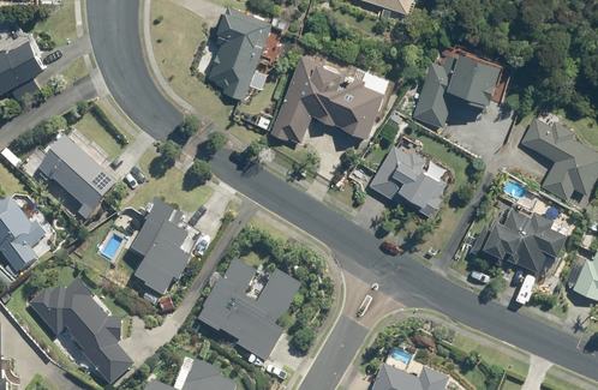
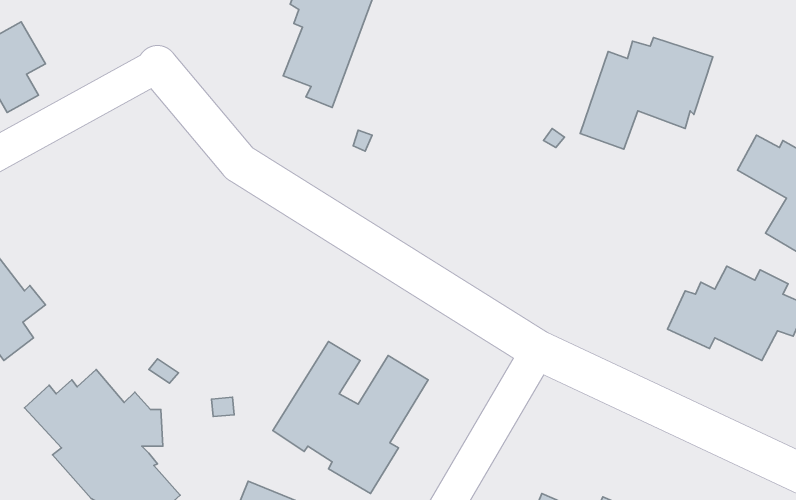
building: [270,54,383,143] -> none
building: [37,136,116,220] -> none
building: [367,145,445,217] -> none
building: [121,198,197,296] -> none

